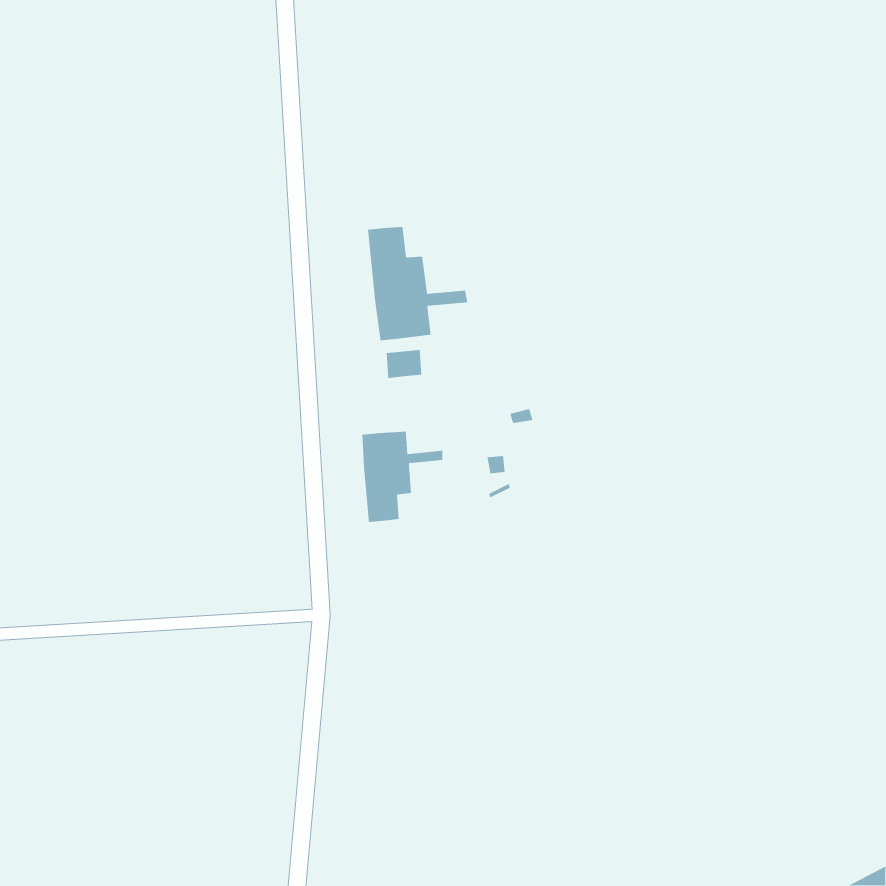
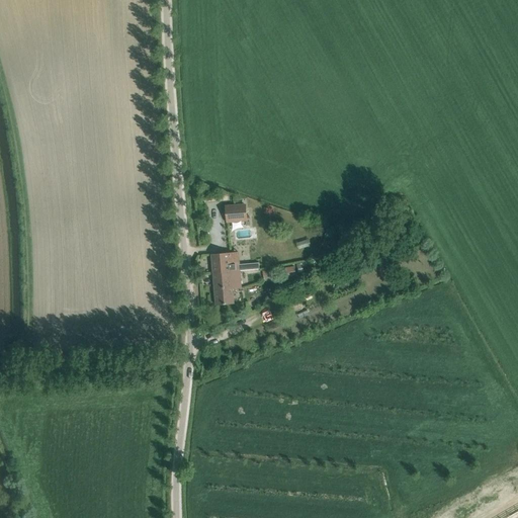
building: [367,226,468,341] -> none

